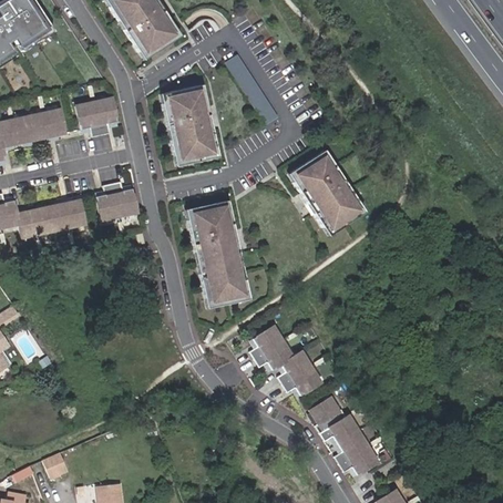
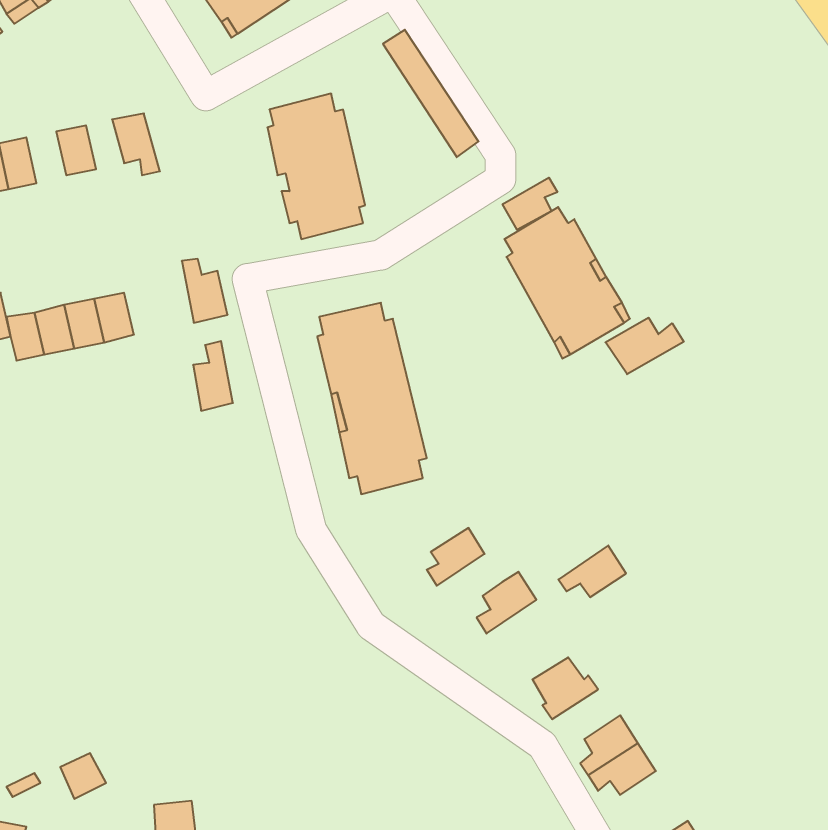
building: [94,96,119,132] -> none
building: [29,110,51,138] -> none
building: none -> [503,178,557,230]
building: [100,182,122,220] -> [193,341,233,411]
building: none -> [605,318,684,374]
building: [257,345,294,373] -> none
building: [285,370,322,399] -> [558,545,626,597]
building: [321,419,359,448] -> none

